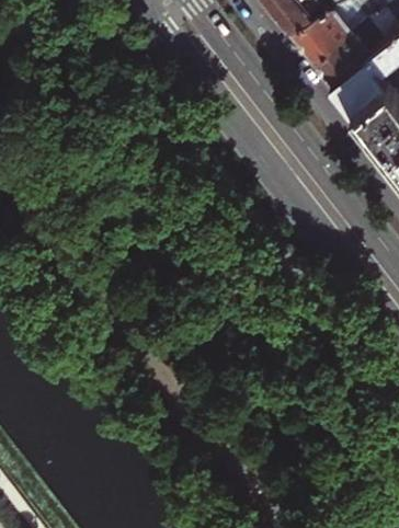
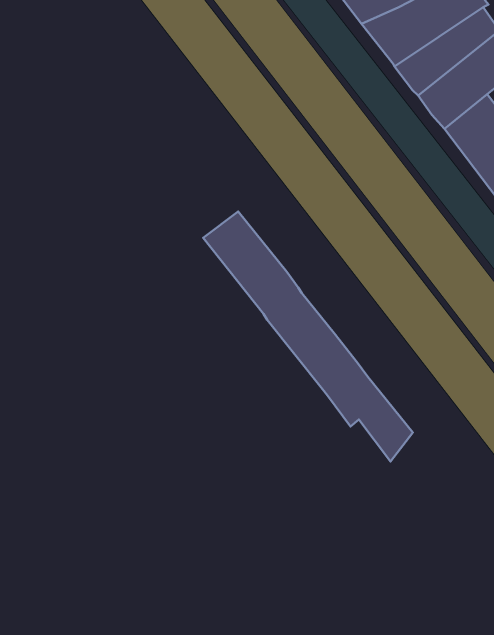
building: none -> [203,212,413,462]

